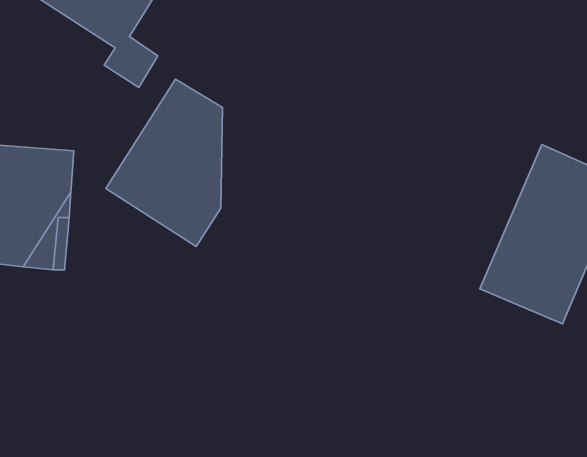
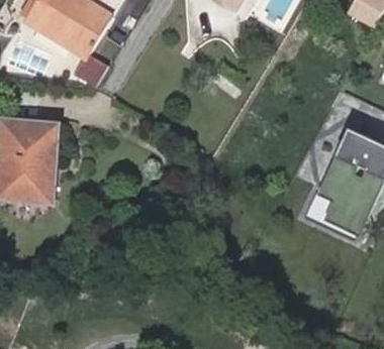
building: [106,79,223,247] -> none

